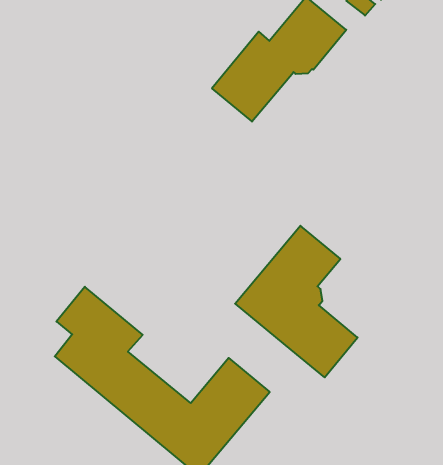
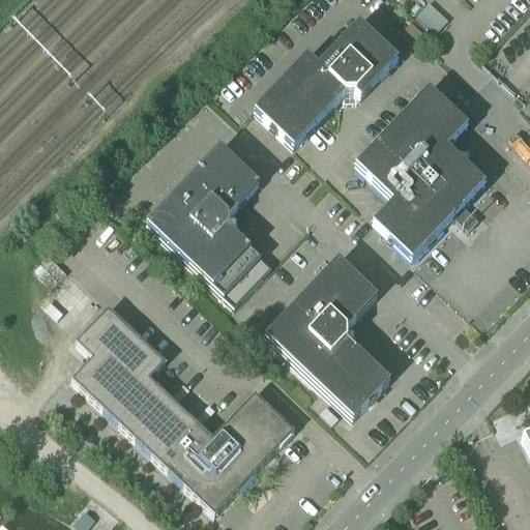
building: none -> [355,85,483,255]
building: none -> [147,144,271,303]

